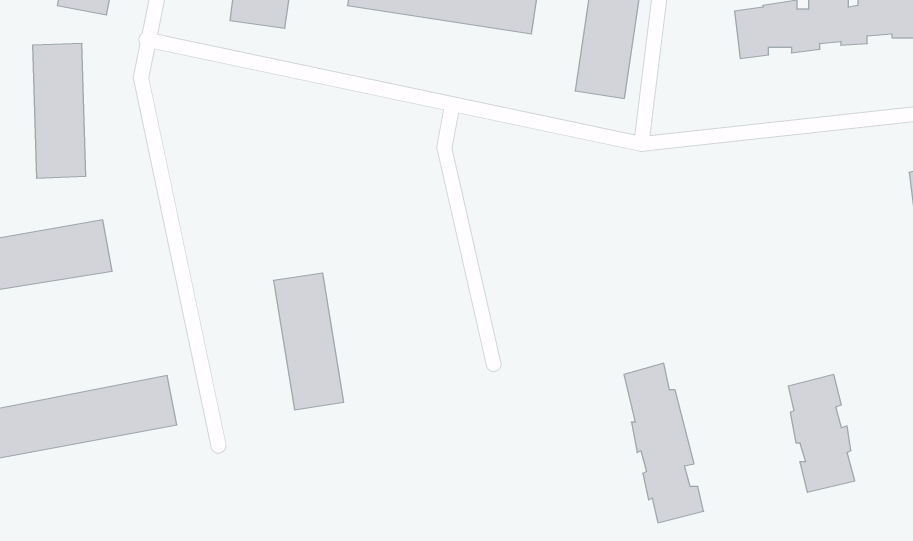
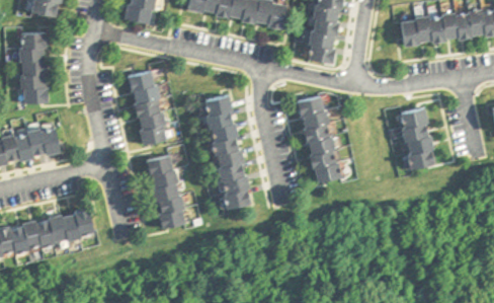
building: none -> [130,72,166,146]
building: none -> [198,92,244,203]
building: [624,363,704,523] -> [293,91,335,176]
building: [788,375,855,492] -> [394,102,429,165]

